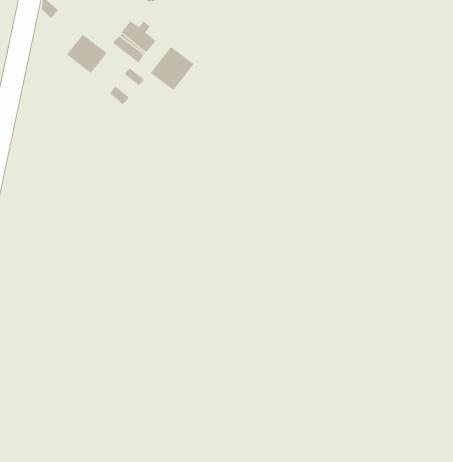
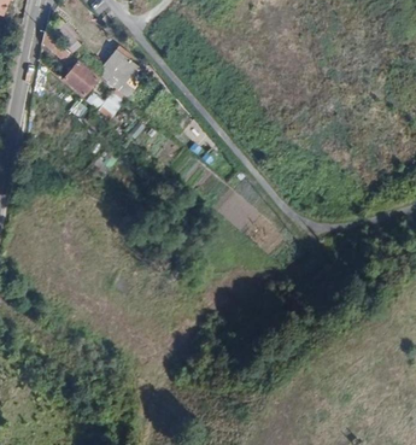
building: [150,46,195,91] -> none

